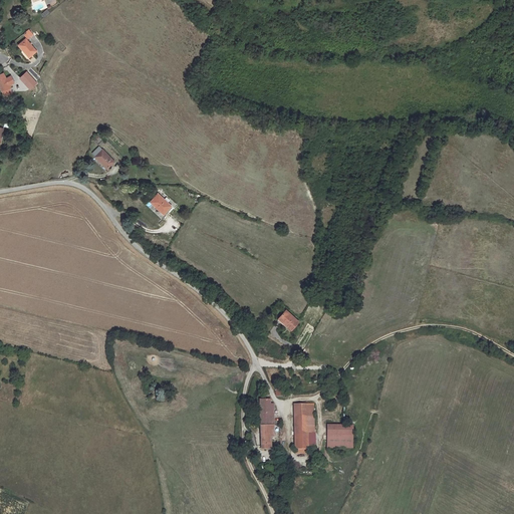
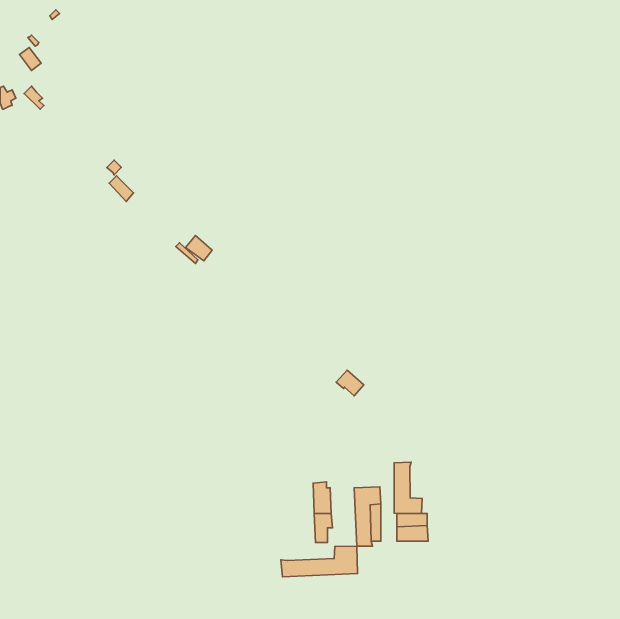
building: none -> [394,462,422,513]
building: none -> [281,546,358,577]

